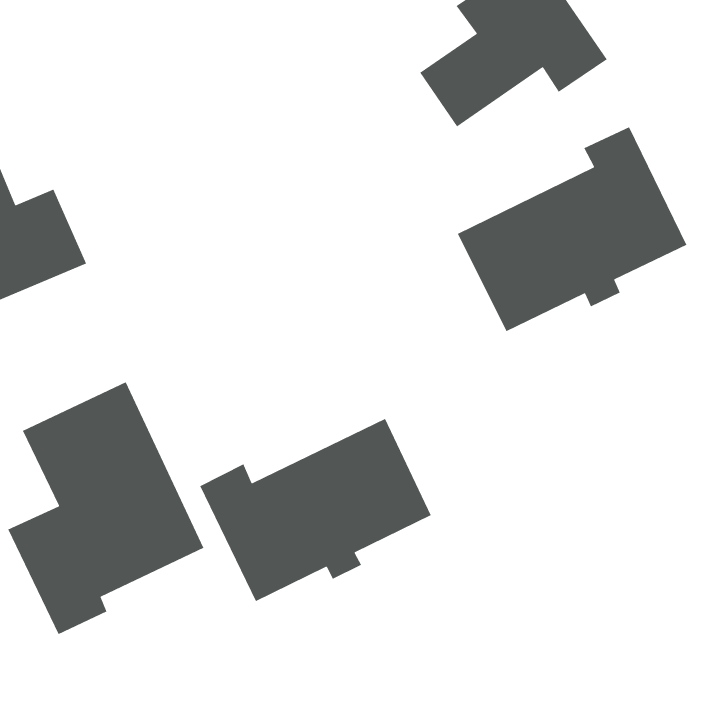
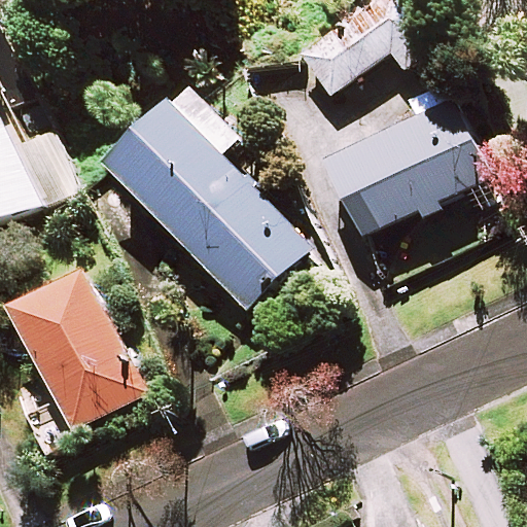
building: none -> [111,92,307,307]
building: [199,418,432,602] -> none

